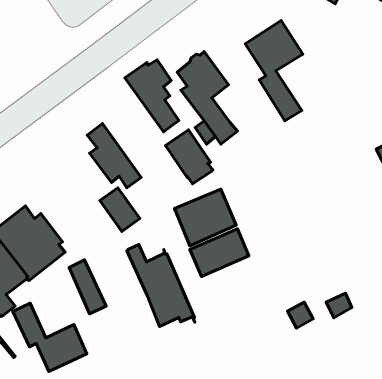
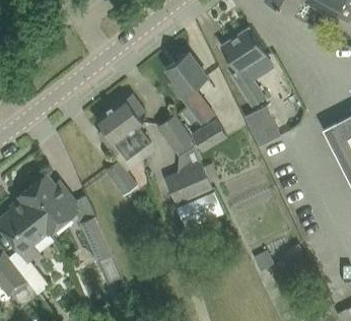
building: [125,60,179,132] -> [108,95,150,152]
building: none -> [243,105,281,146]
building: none -> [192,120,227,152]
building: [127,245,195,327] -> none
building: [13,303,87,371] -> none

